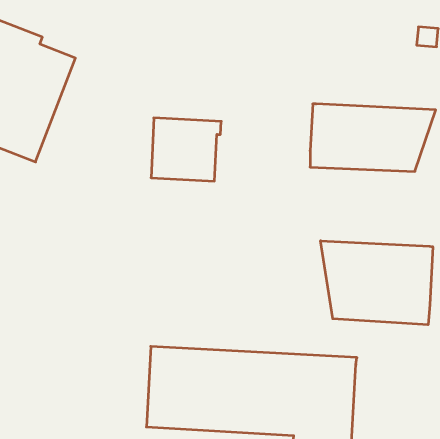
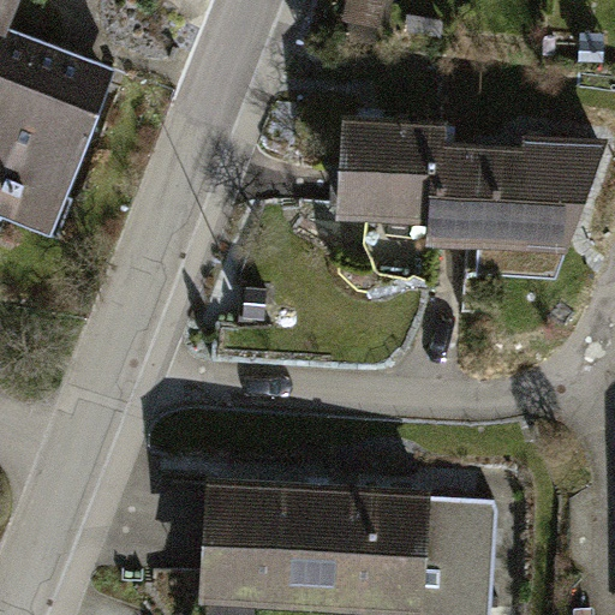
building: [151,118,221,181] -> [342,126,440,214]
building: [321,241,433,325] -> none

